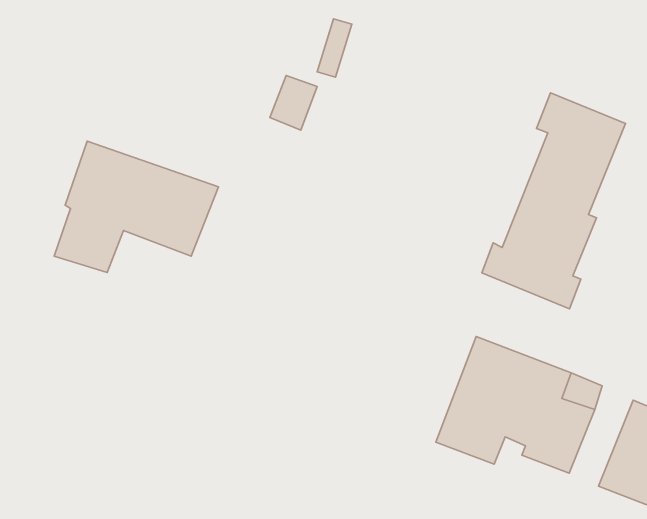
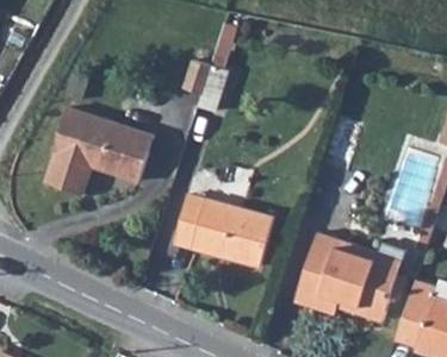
building: [482,93,626,309] -> none
building: none -> [168,194,268,273]

